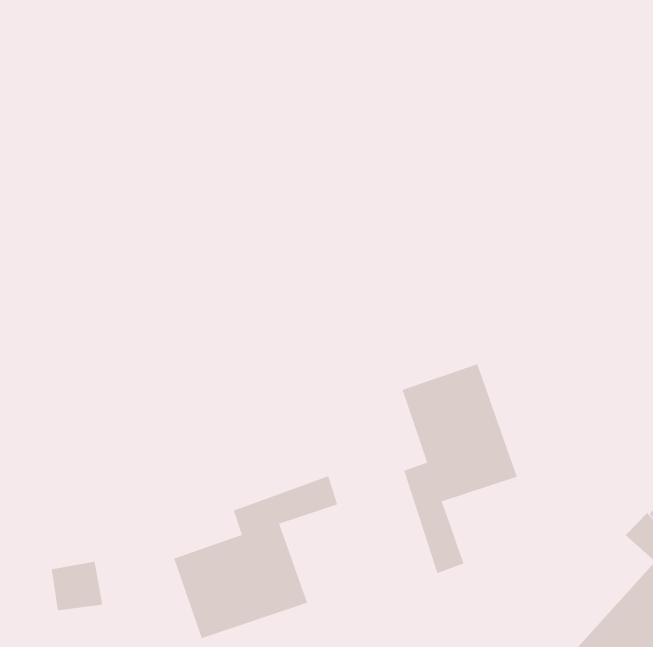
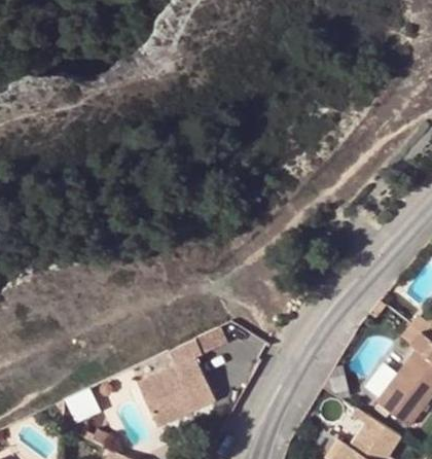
building: [402,363,518,574] -> none

